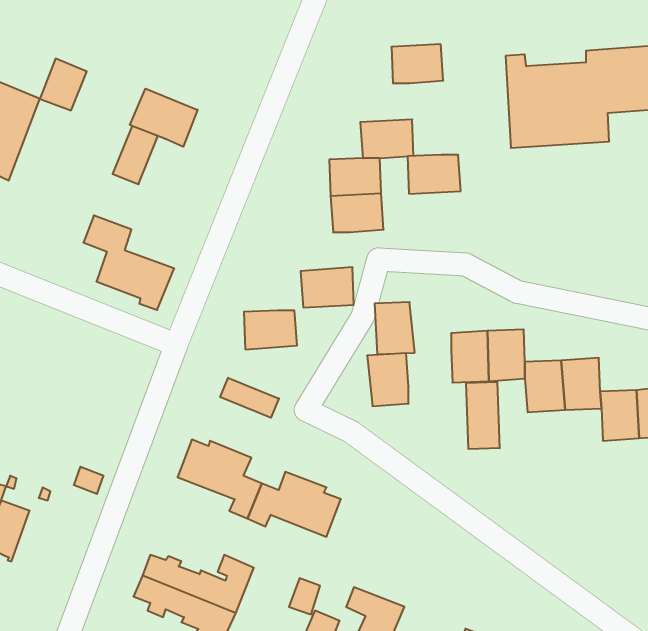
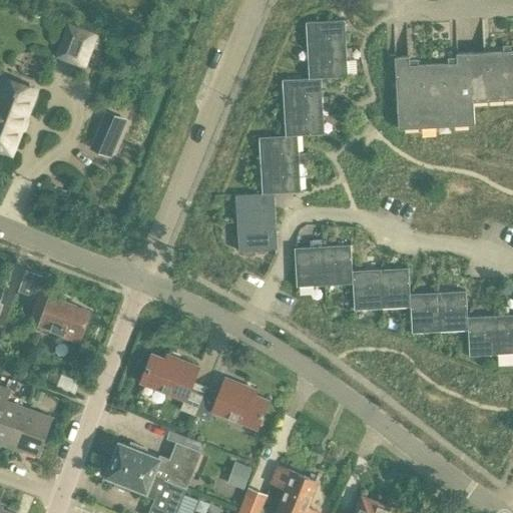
building: none -> [305,20,345,50]
building: [40,59,87,110] -> [57,24,93,64]
building: [130,89,198,147] -> none
building: [408,155,461,194] -> [282,78,323,108]
building: [83,215,174,310] -> [20,270,90,343]
building: [244,310,297,349] -> [235,193,277,223]
building: [367,353,409,406] -> [321,245,353,287]
building: [220,378,279,418] -> none
building: [466,382,500,449] -> none
building: none -> [13,409,50,454]

